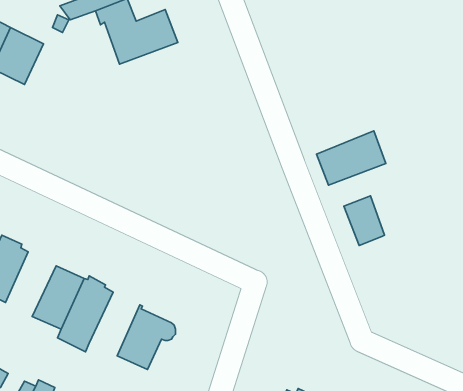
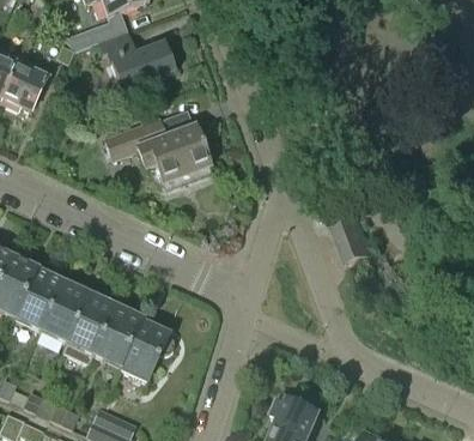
building: none -> [103,119,209,183]
building: [317,131,386,185] -> none
building: none -> [12,270,60,331]
building: none -> [91,308,140,368]

